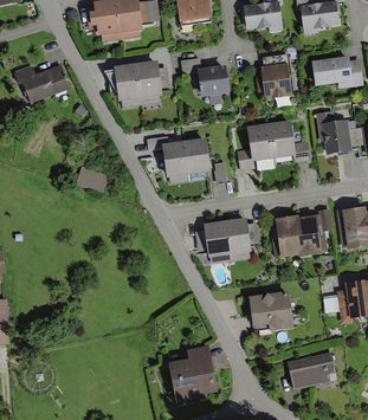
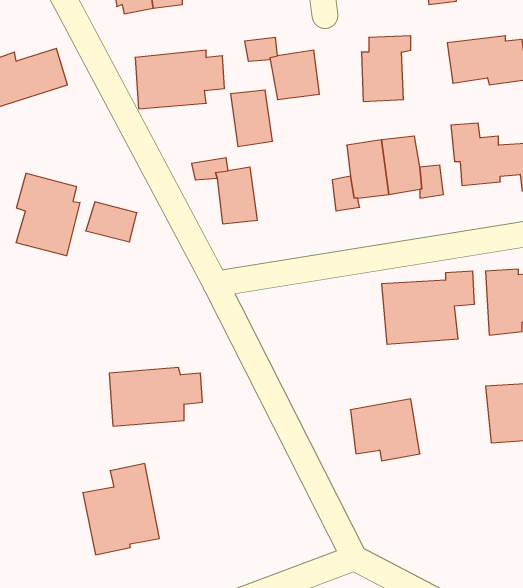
building: [186,138,213,175] -> [231,90,273,147]
building: none -> [16,173,80,256]
building: [199,220,259,258] -> [109,368,202,426]
building: [170,344,220,403] -> [83,464,159,555]
building: [289,350,337,389] -> none

